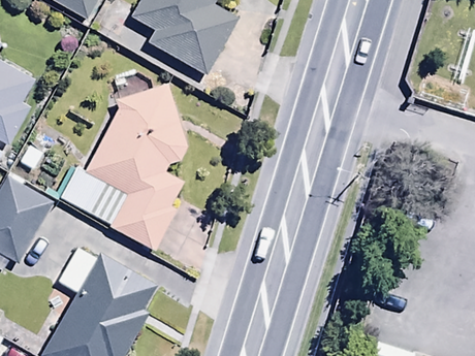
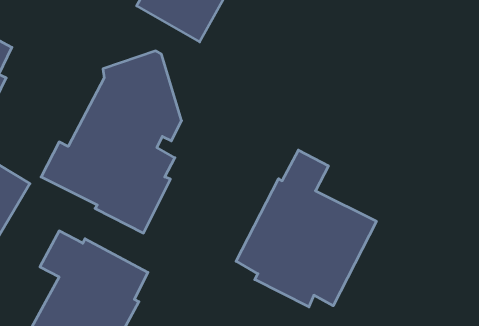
building: none -> [236,150,376,307]

